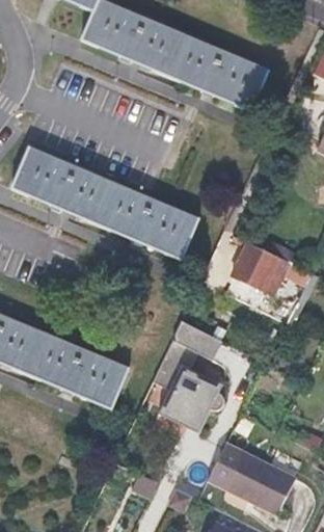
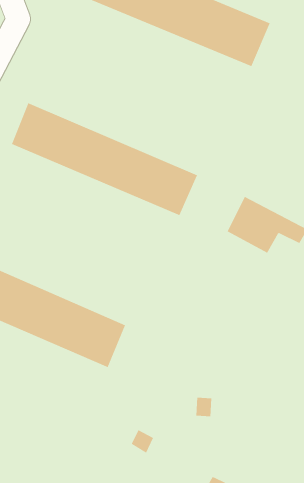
building: [153,316,222,421] -> none
building: [223,449,294,512] -> none

